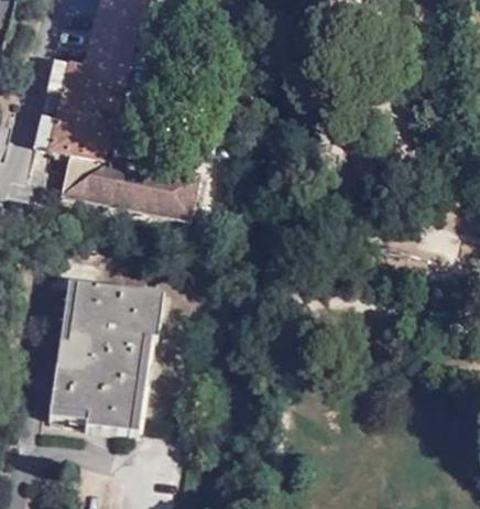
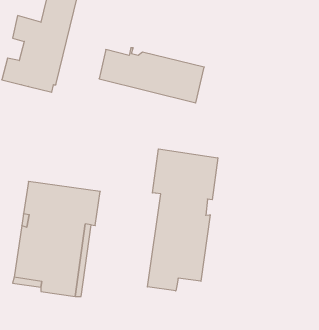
building: [61,151,199,224] -> [99,48,204,103]
building: none -> [147,149,218,291]

